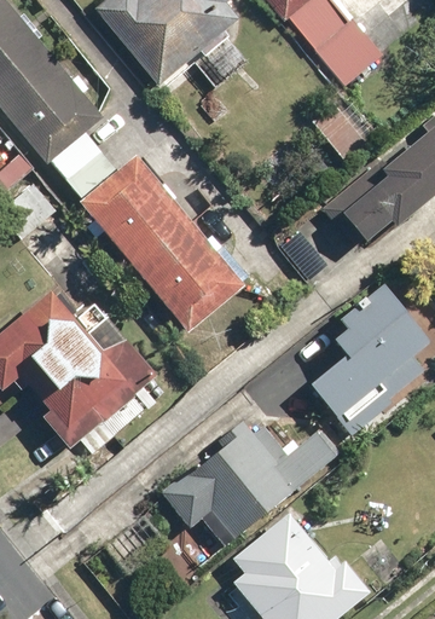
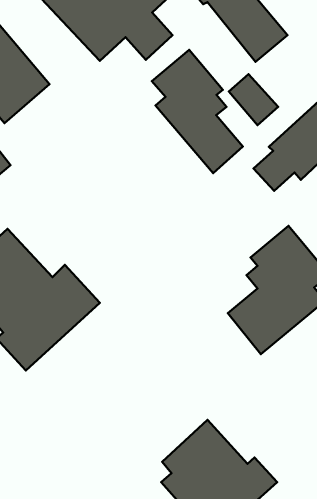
building: none -> [152,50,243,173]
building: [52,135,246,334] -> none
building: [156,415,340,549] -> none

